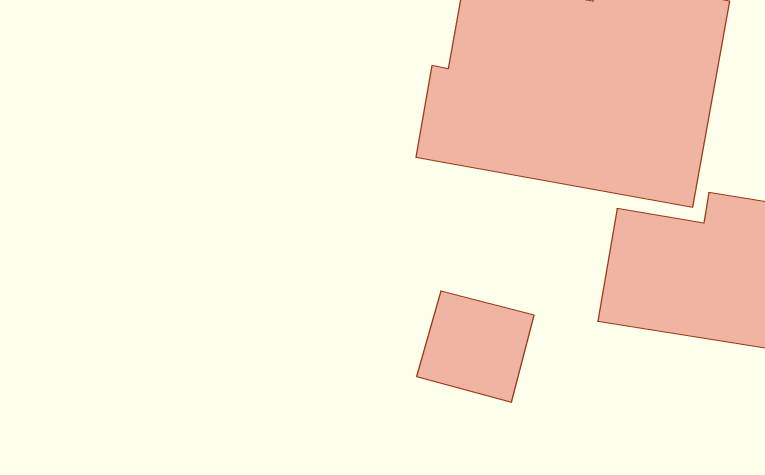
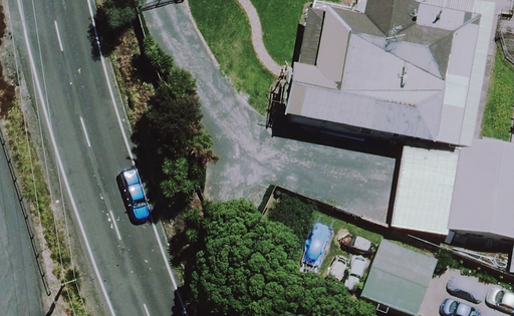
building: [417,291,534,402] -> [366,239,440,308]

